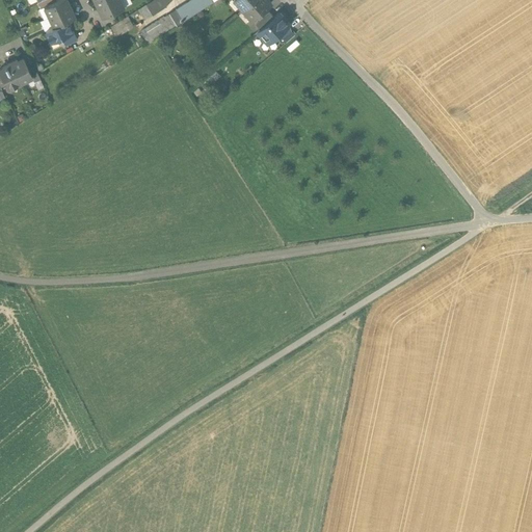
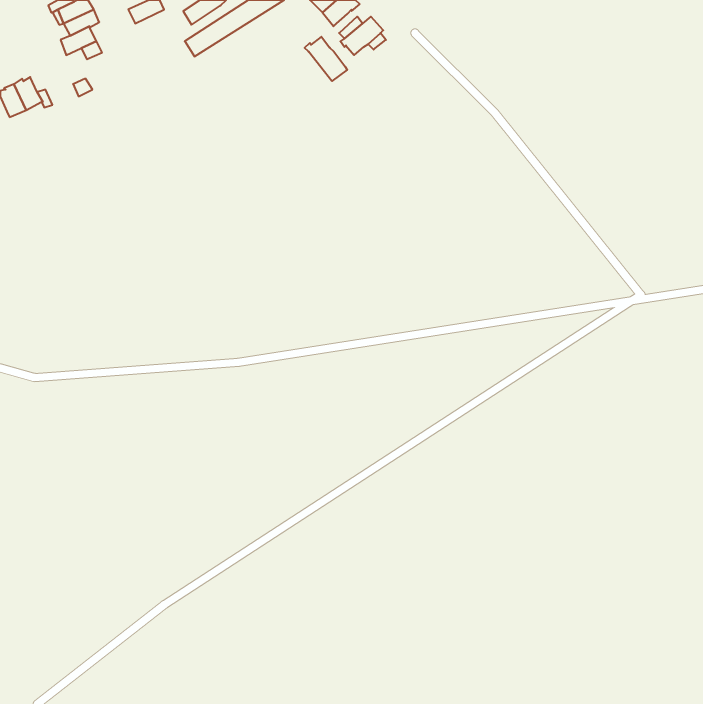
building: none -> [305,37,347,81]

